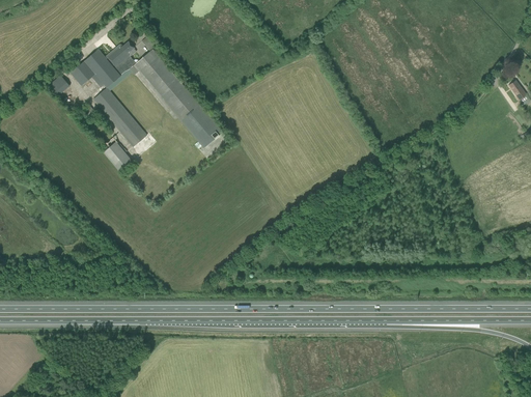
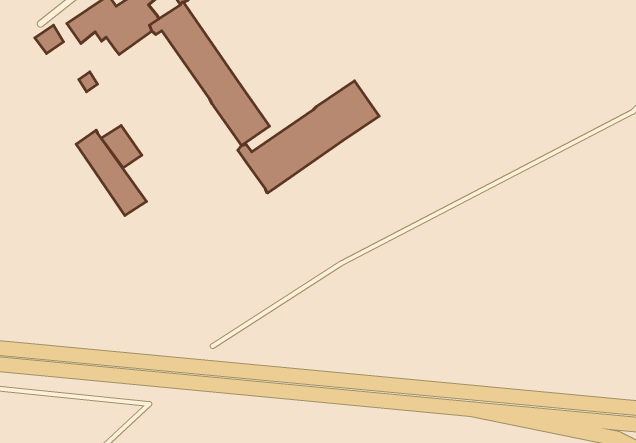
building: [93,87,147,146] -> [76,130,146,216]
building: none -> [238,81,379,193]

